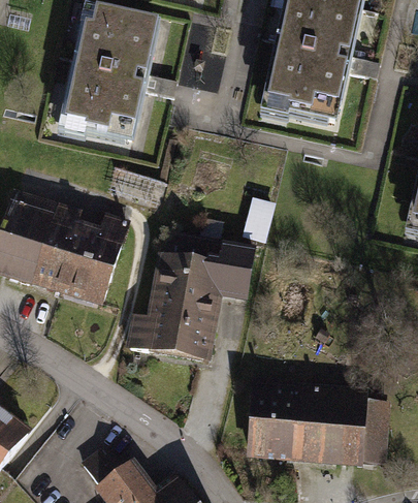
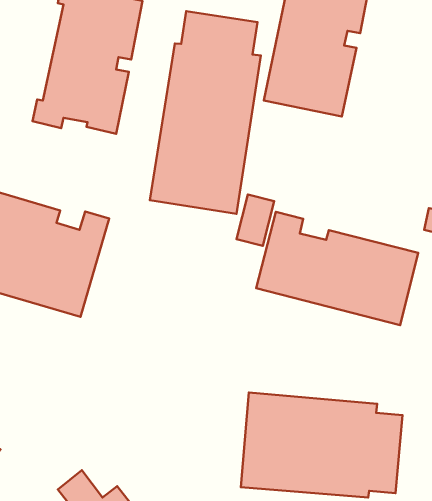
building: none -> [150,11,261,214]
building: none -> [256,212,418,325]
building: [127,229,252,361] -> none

